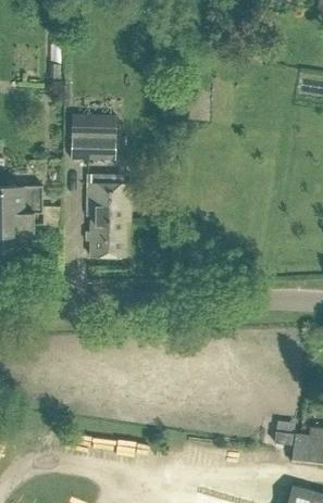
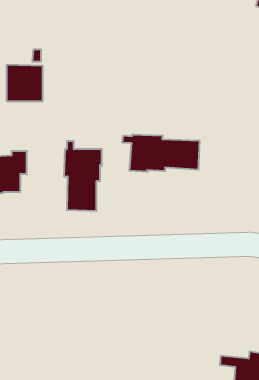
building: [72,114,115,158] -> [7,65,43,101]
building: none -> [123,134,199,172]

